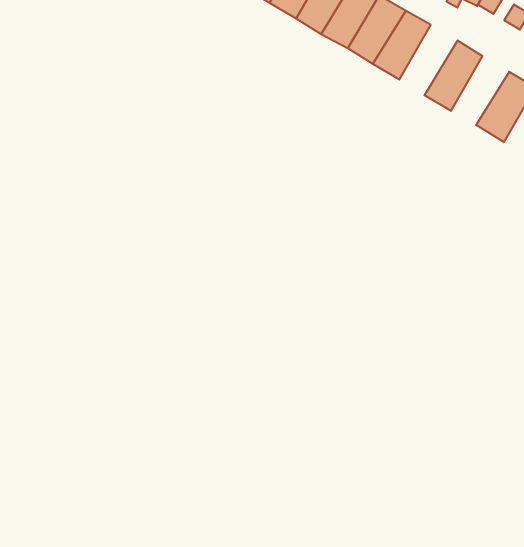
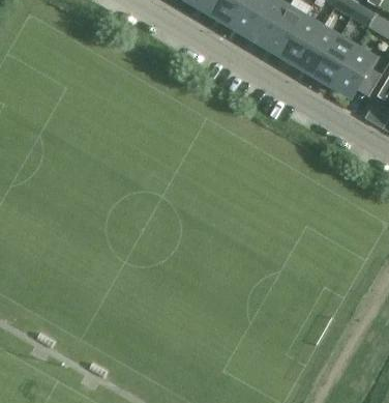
building: none -> [283,17,322,63]
building: none -> [318,37,356,83]

